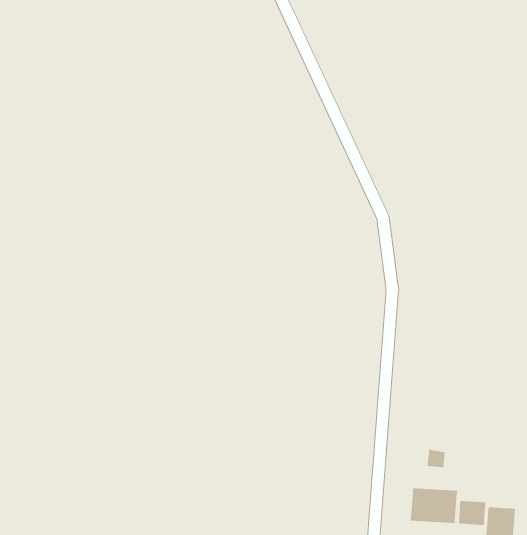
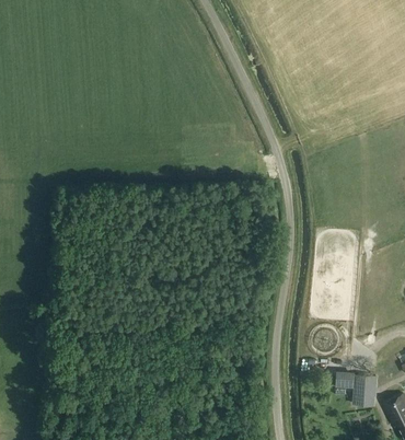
building: [410,488,457,524] -> none

